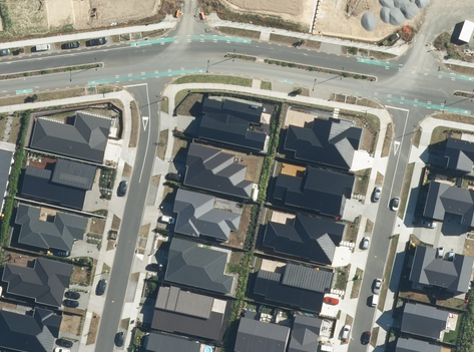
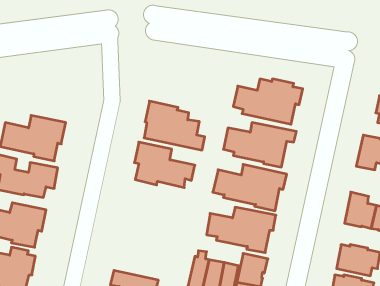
building: [197,98,269,151] -> none
building: [29,112,111,162] -> none
building: [163,238,232,294] -> none
building: [150,286,222,340] -> none

